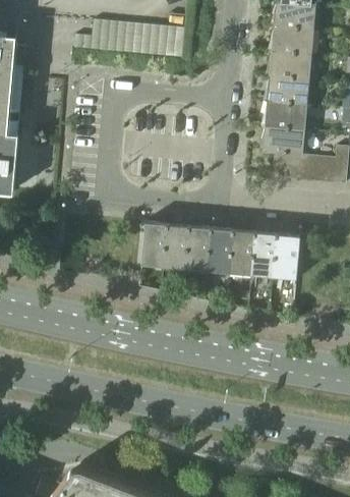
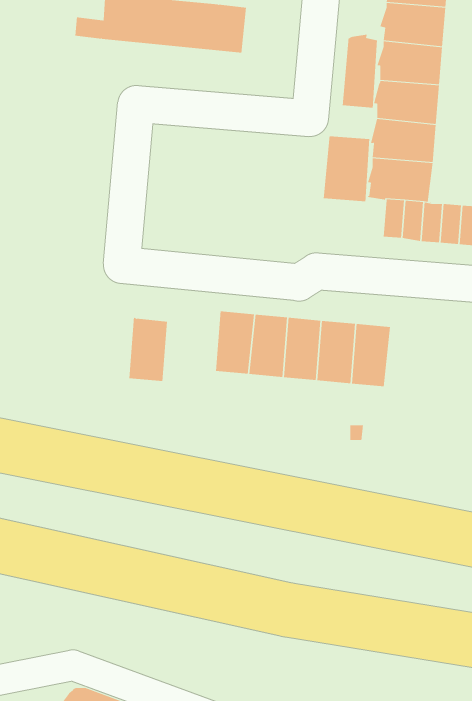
building: none -> [342,34,378,108]
building: none -> [323,135,370,202]
building: [141,221,167,263] -> [128,317,168,382]
building: [273,234,299,275] -> none

